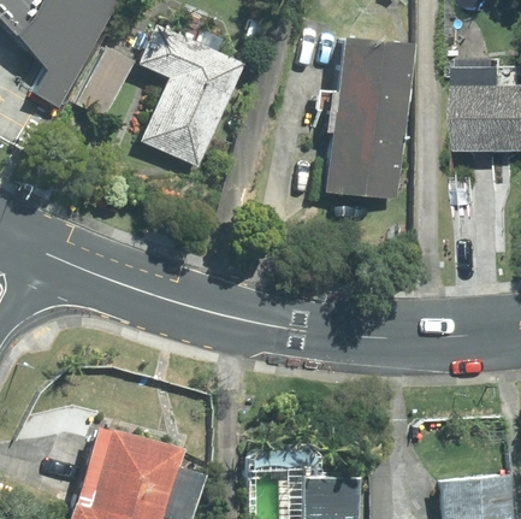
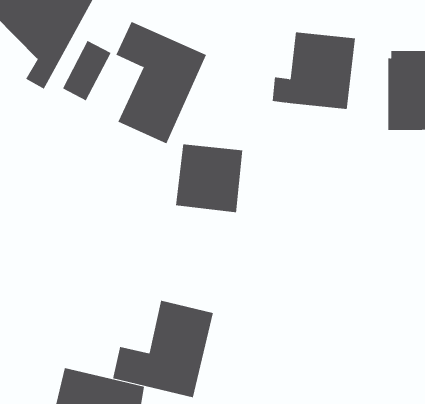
building: [330,120,408,200] -> [175,144,243,213]
building: none -> [113,300,213,398]

